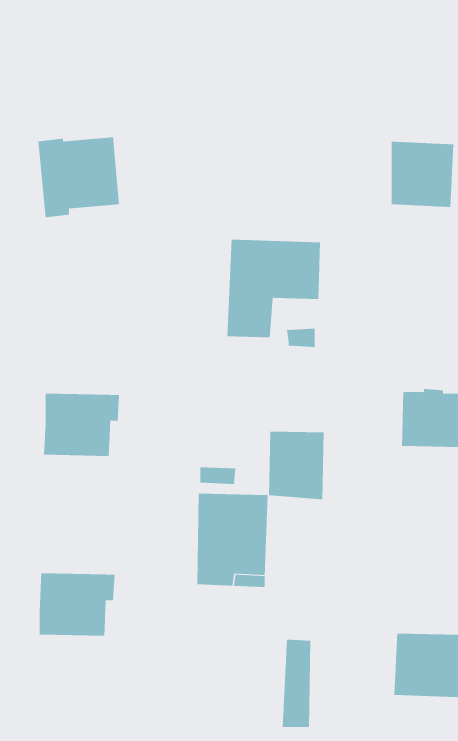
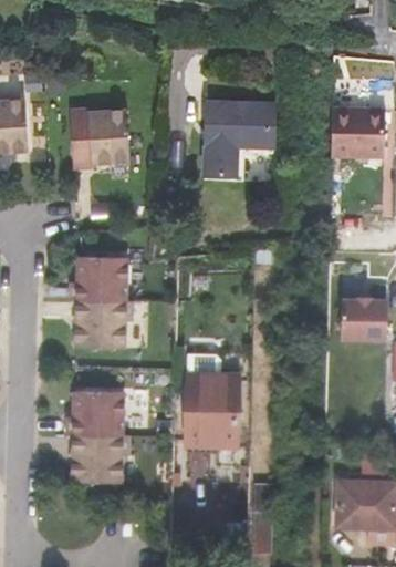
building: [226,239,321,338] -> [205,102,275,176]
building: none -> [69,257,125,301]
building: [269,431,324,500] -> none
building: none -> [65,391,122,436]

